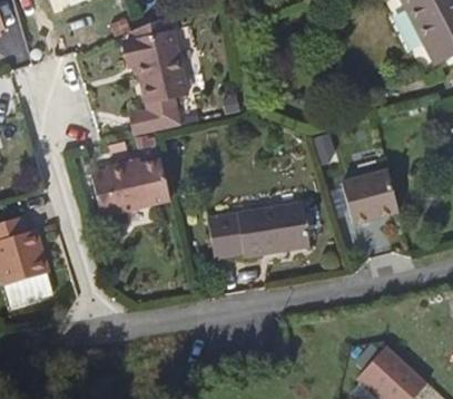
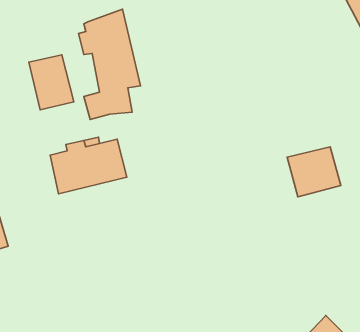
building: none -> [29,55,74,110]
building: [205,196,307,252] -> none

